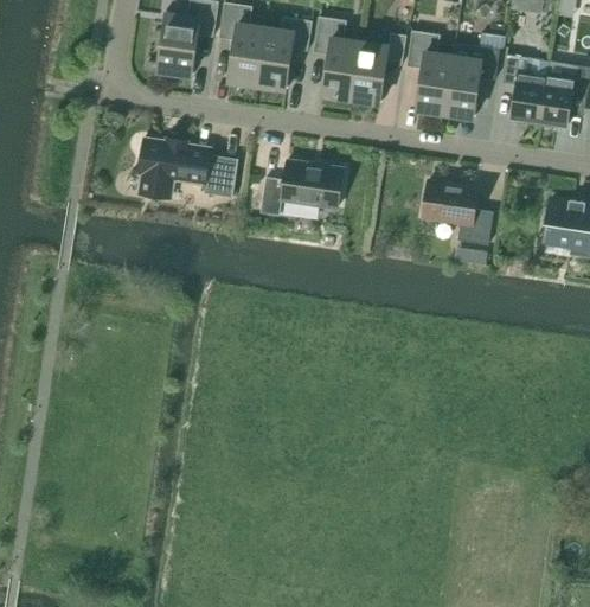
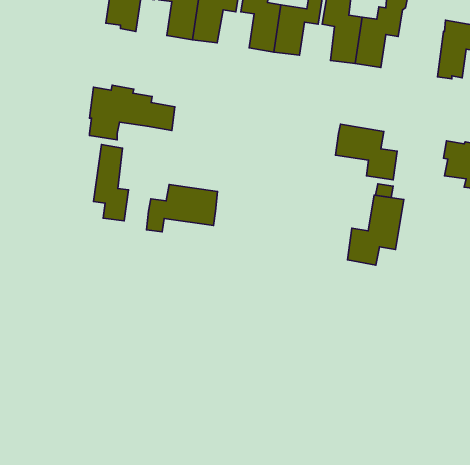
building: [501,55,546,127] -> none
building: [261,161,342,216] -> [147,184,218,232]
building: none -> [94,144,128,221]
building: none -> [347,195,404,265]

